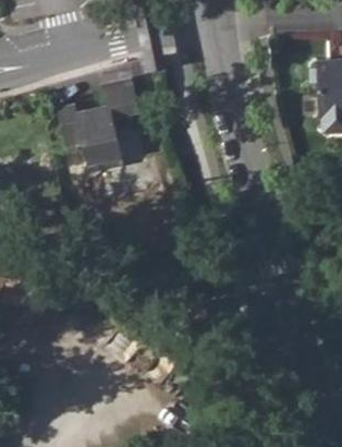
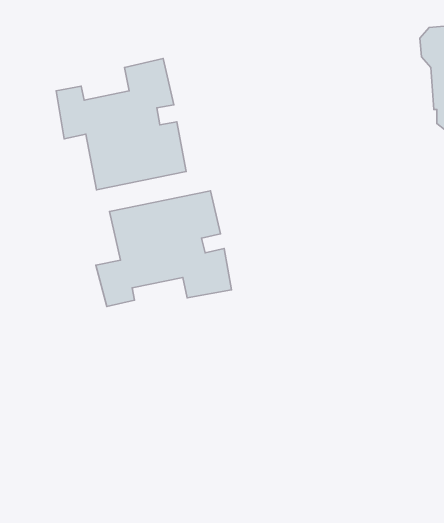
building: none -> [96,191,231,306]

